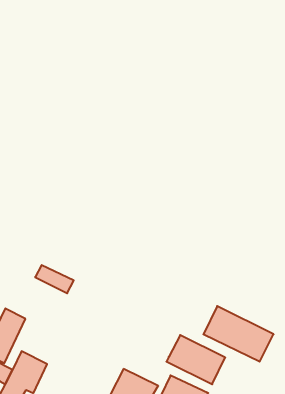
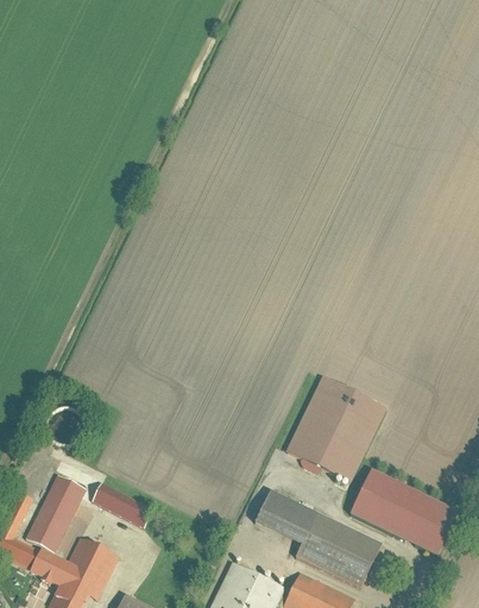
building: none -> [288,376,389,482]
building: [35,265,74,293] -> [93,482,150,524]
building: none -> [252,490,315,545]

